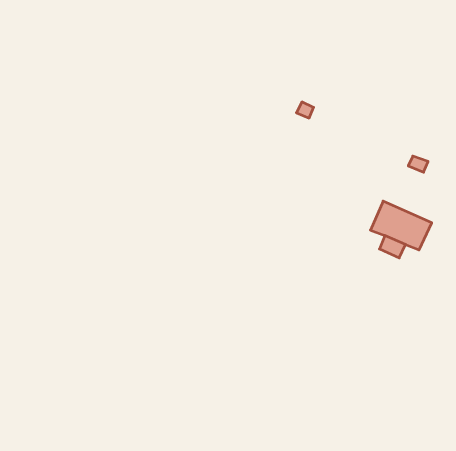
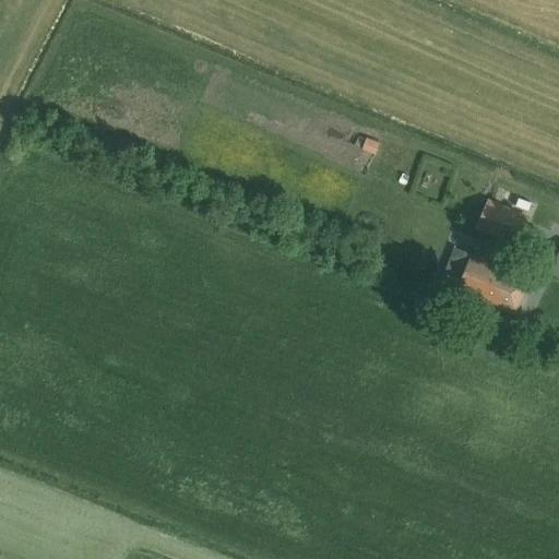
building: none -> [468,211,504,239]

